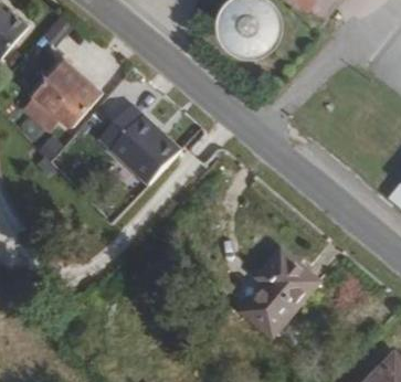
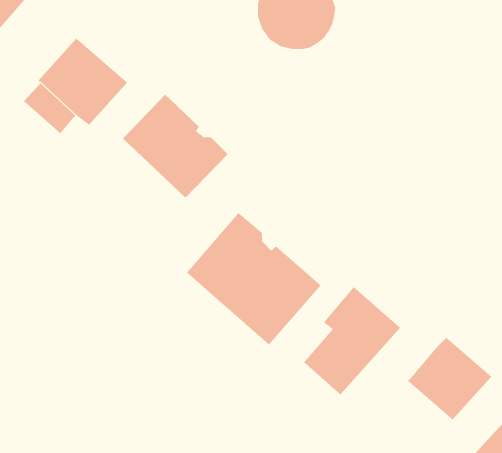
building: none -> [186,212,321,346]
building: none -> [407,337,492,420]

